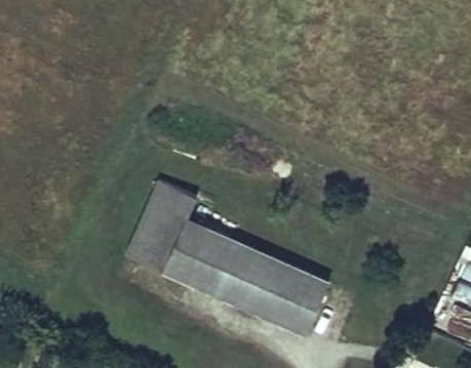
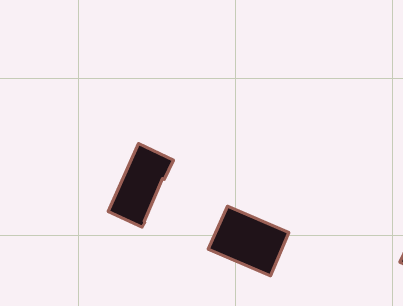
building: [165,222,259,301] -> none

